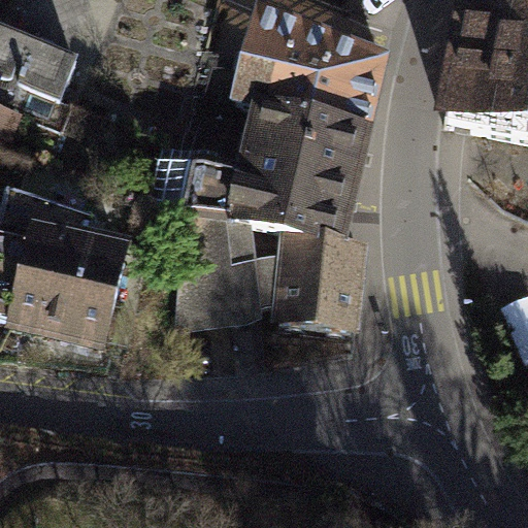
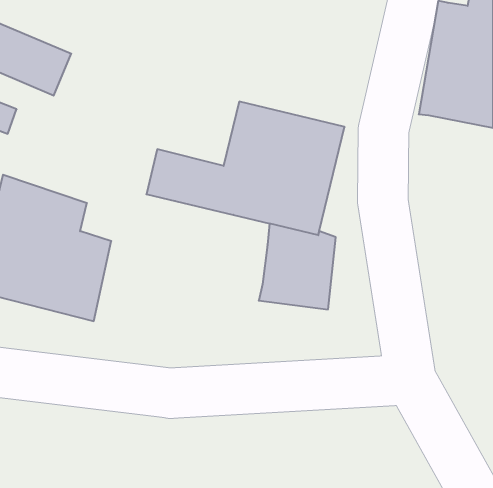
building: [232,9,378,134] -> none
building: [179,212,283,320] -> none

